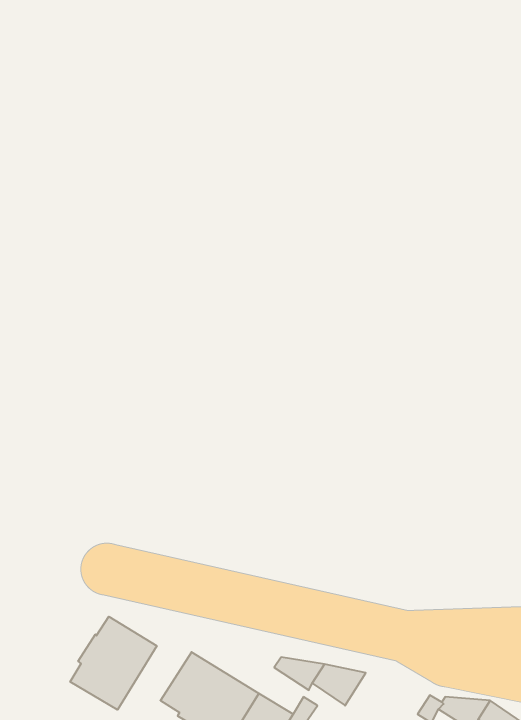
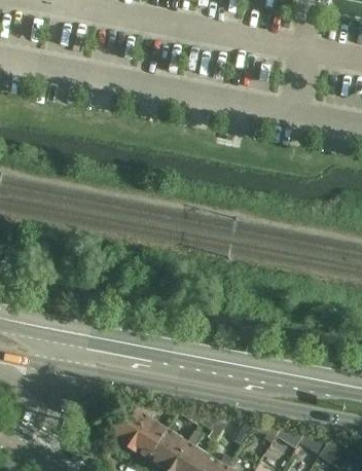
building: [70,617,157,710] -> none

